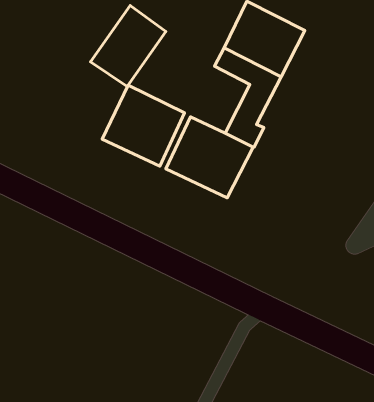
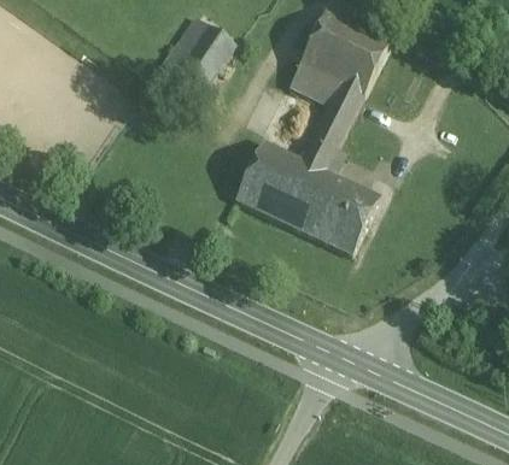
building: [102,85,185,166] -> none
building: none -> [304,173,380,254]

